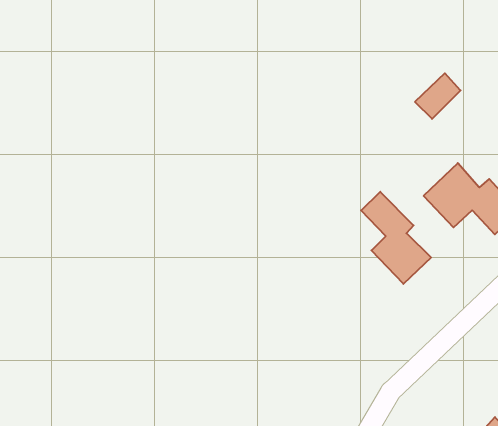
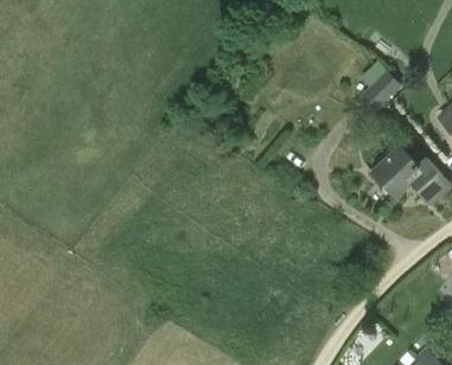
building: [361,192,431,284] -> none

